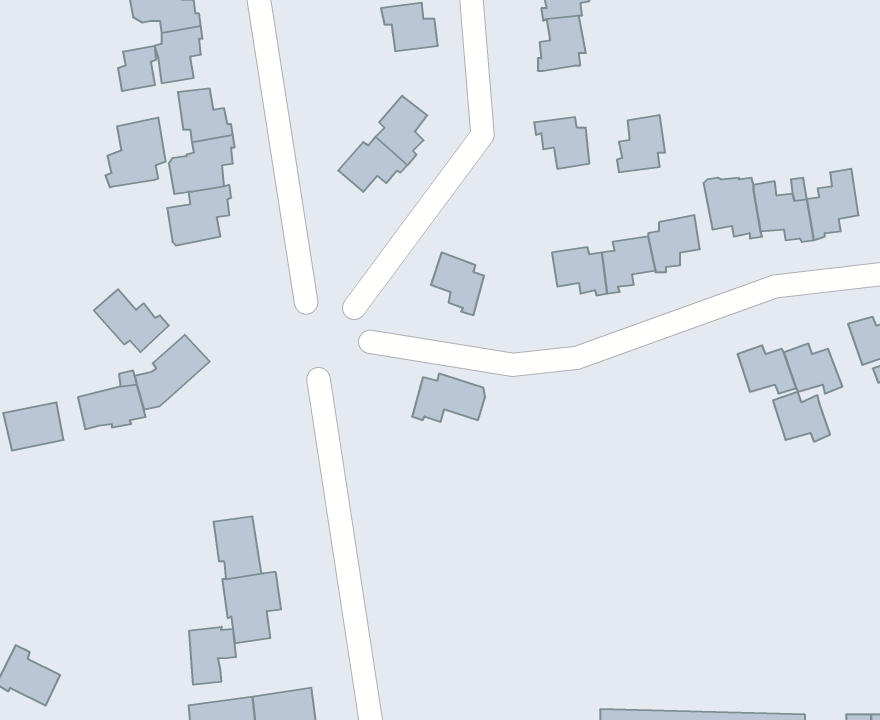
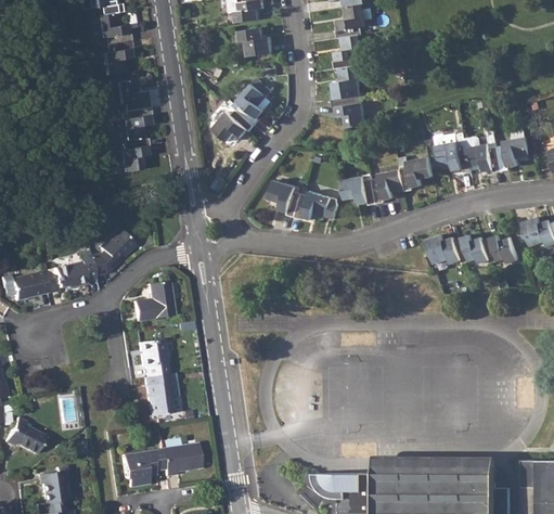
building: [118,46,156,91] -> none
building: [617,115,665,172] -> [332,65,361,100]
building: [105,117,166,188] -> none
building: [94,289,169,352] -> none
building: [412,374,485,422] -> [296,191,340,220]
building: [773,392,830,442] -> [428,234,463,265]
building: none -> [133,281,172,321]
building: [189,627,236,685] -> none

